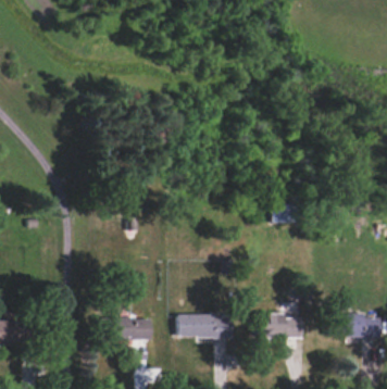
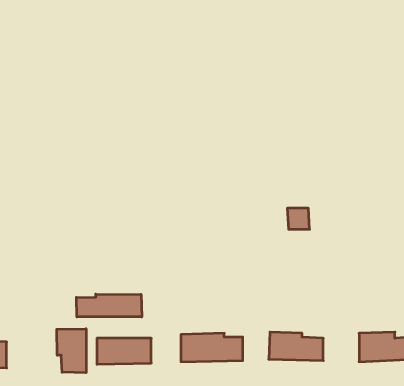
building: none -> [76,294,142,317]
building: none -> [57,329,86,373]

